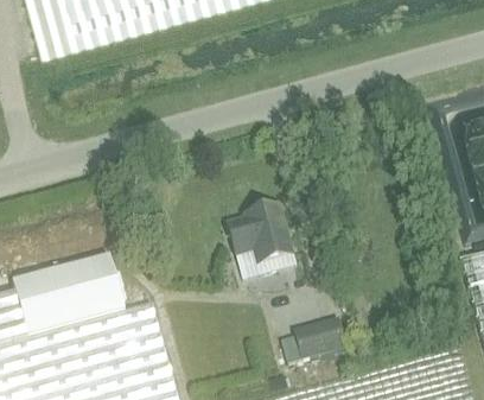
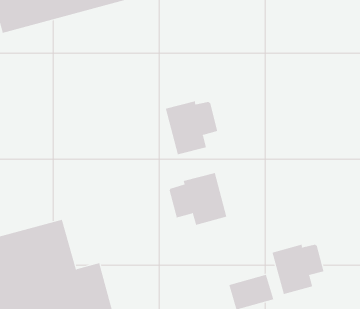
building: none -> [165,100,218,155]
building: none -> [272,244,324,295]

